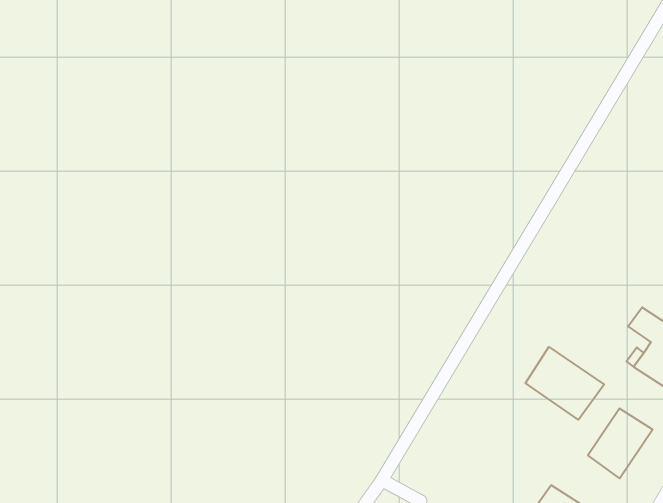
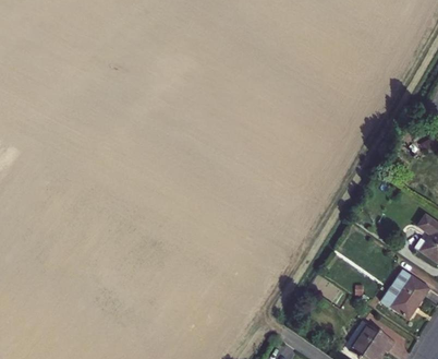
building: [526,347,604,420] -> none

